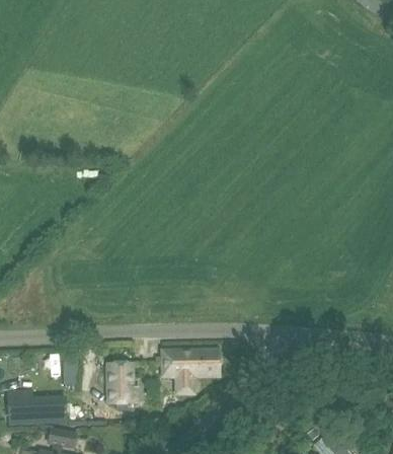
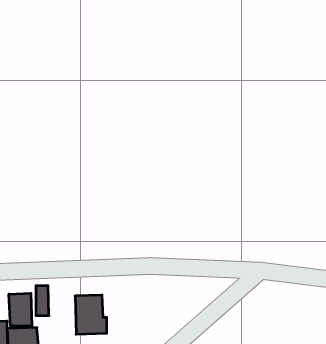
building: [164,350,217,386] -> none
building: none -> [9,293,32,326]

